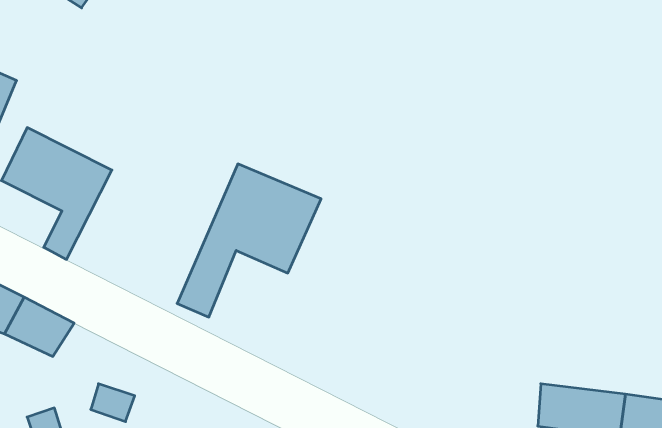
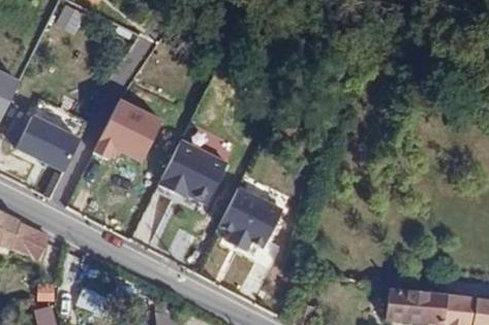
building: none -> [92,97,166,164]
building: none -> [213,186,289,257]

